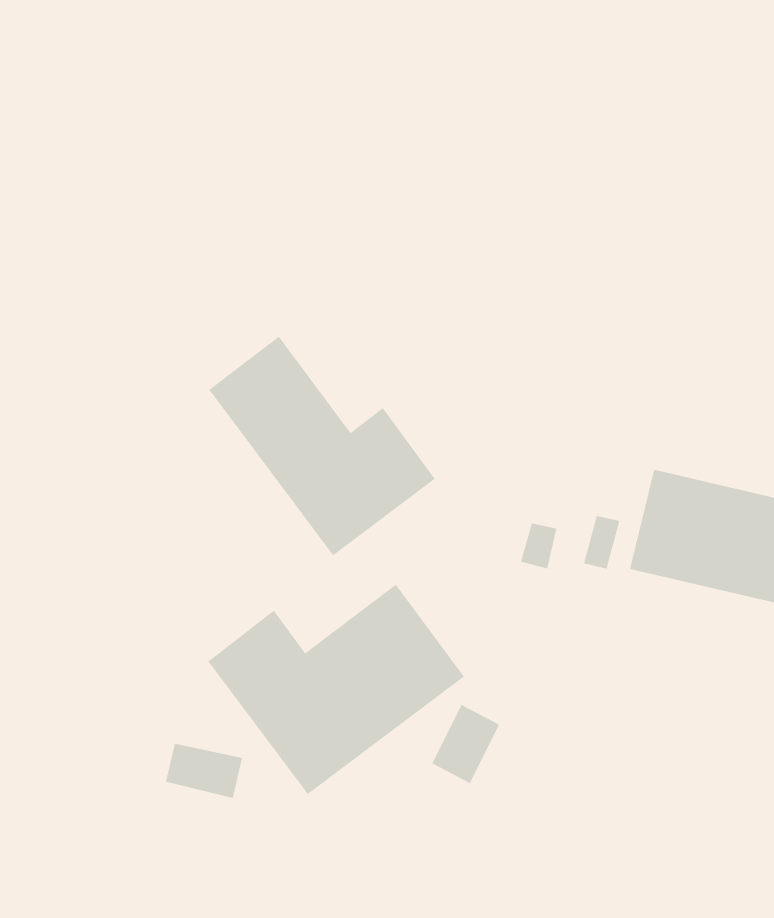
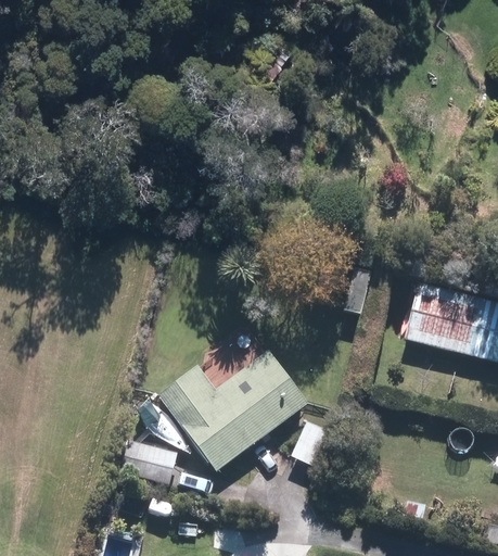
building: [209,336,435,556] -> none

